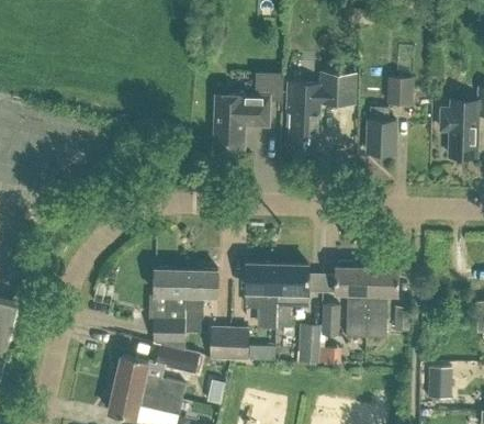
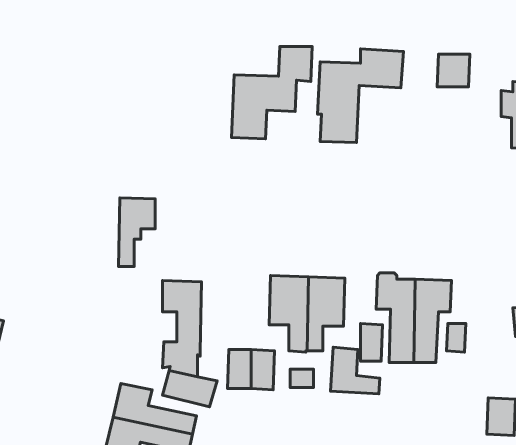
building: [367,107,396,155] -> none
building: [187,269,217,327] -> [119,198,155,267]

